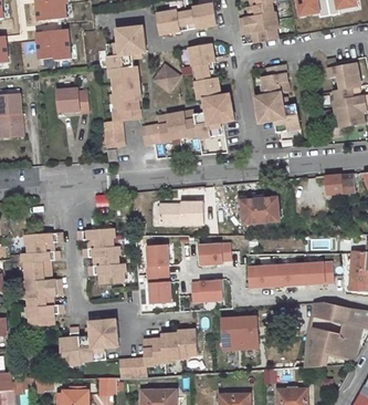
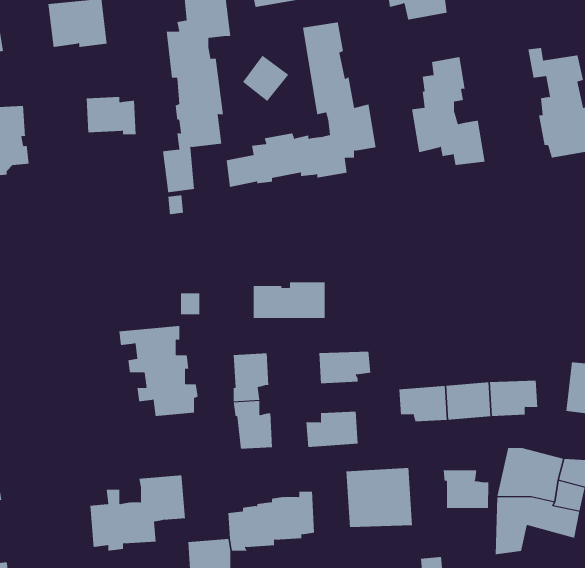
building: [326,173,355,193] -> none
building: [238,196,278,224] -> none
building: [21,232,62,325] -> none
building: none -> [443,470,489,509]

